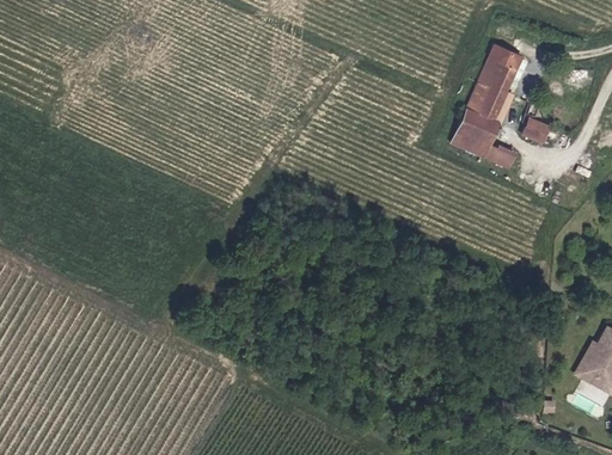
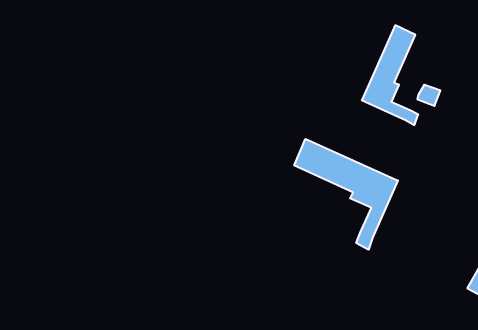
building: none -> [294,139,398,250]

